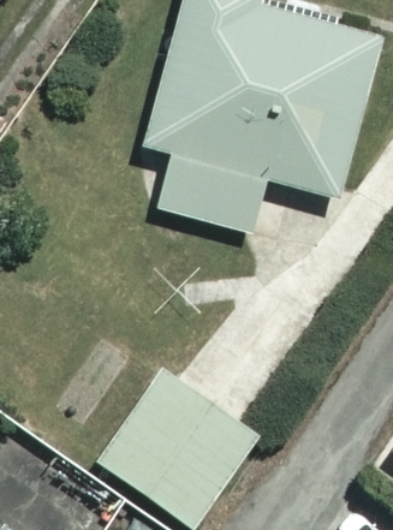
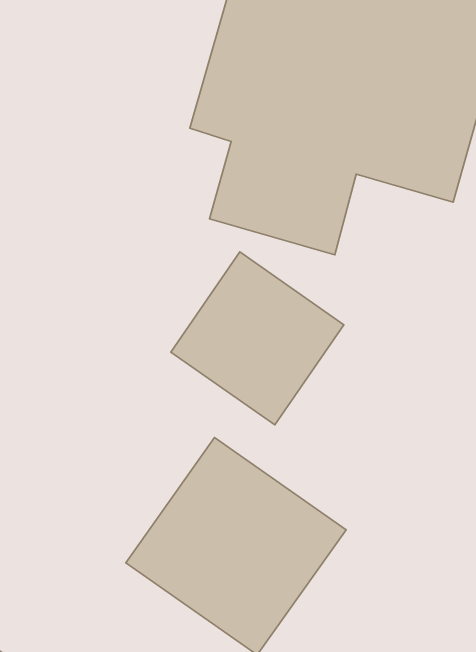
building: none -> [171,252,344,425]

